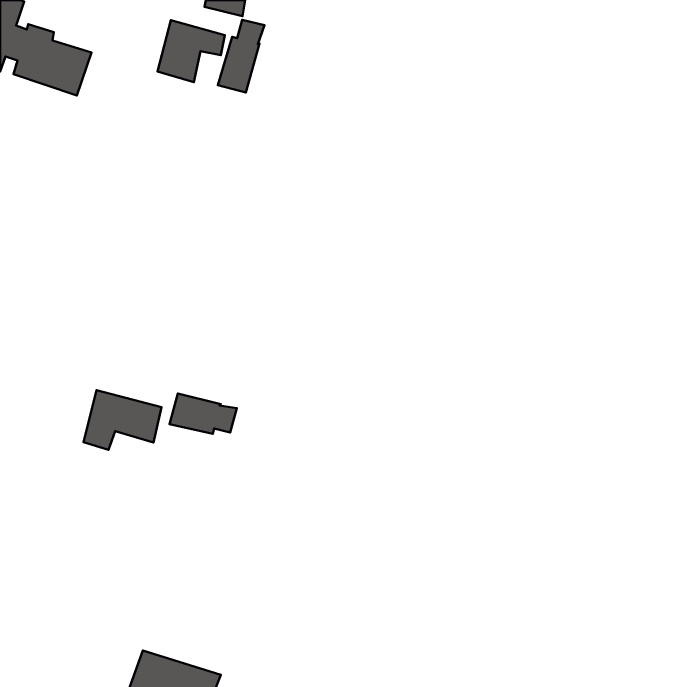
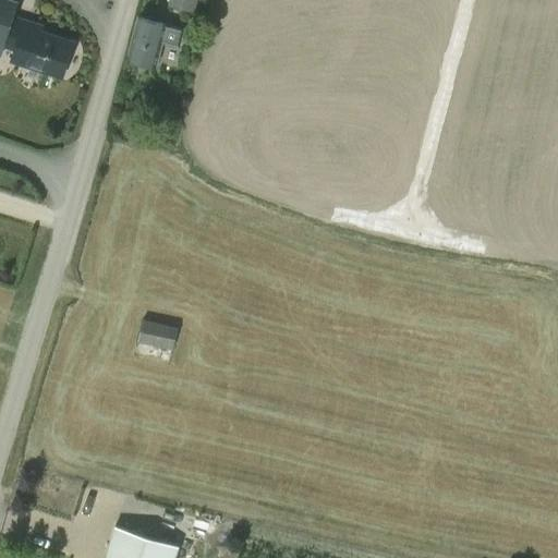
building: [218,20,264,92] -> none
building: [84,390,161,450] -> none

